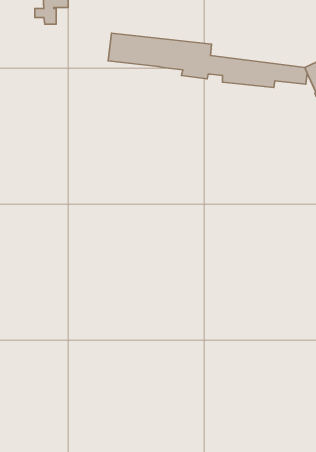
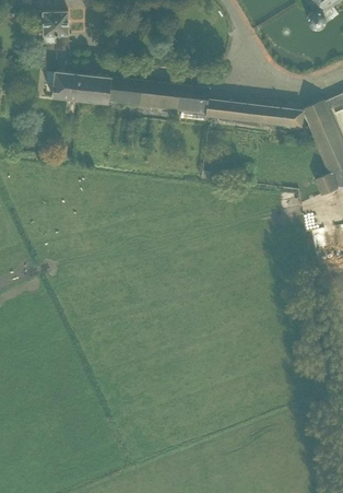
building: none -> [46,71,111,104]

